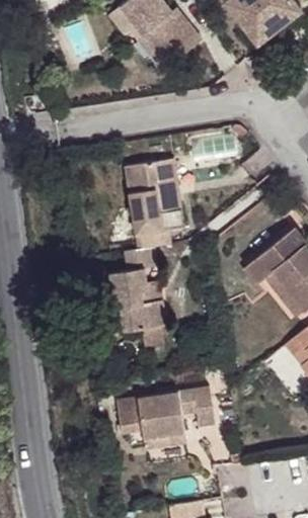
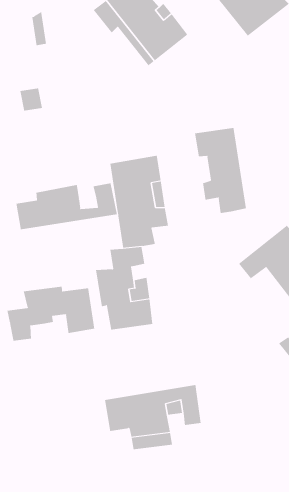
building: none -> [195,127,247,214]
building: none -> [16,182,117,230]
building: none -> [7,286,95,341]

